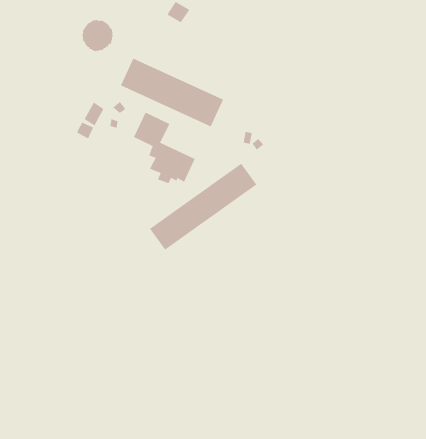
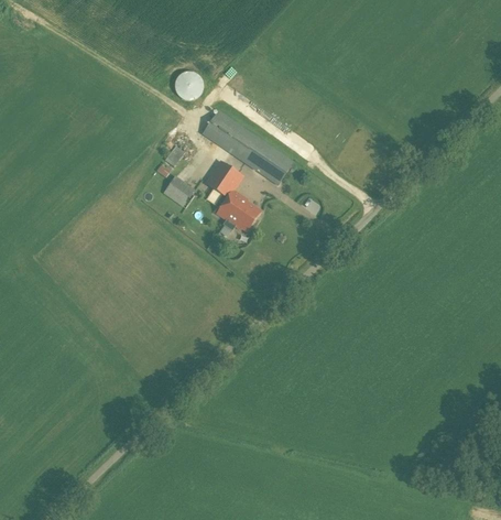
building: none -> [163,174,196,206]
building: [149,163,257,251] -> none

